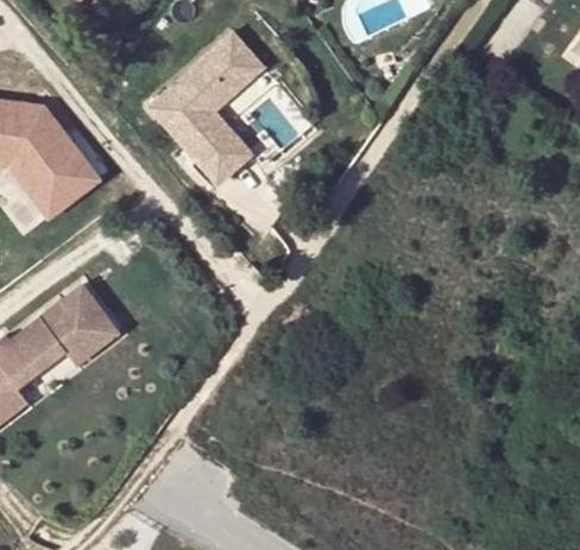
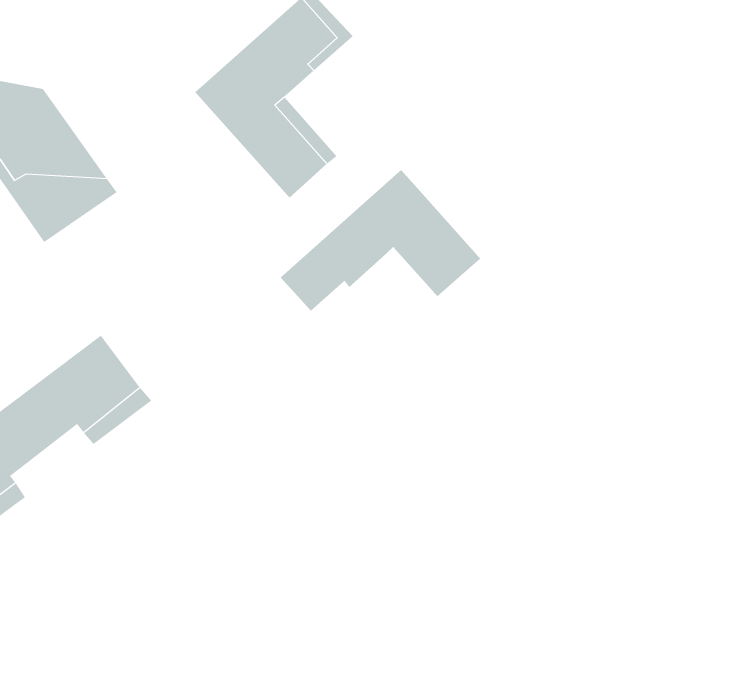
building: none -> [280,169,481,312]

